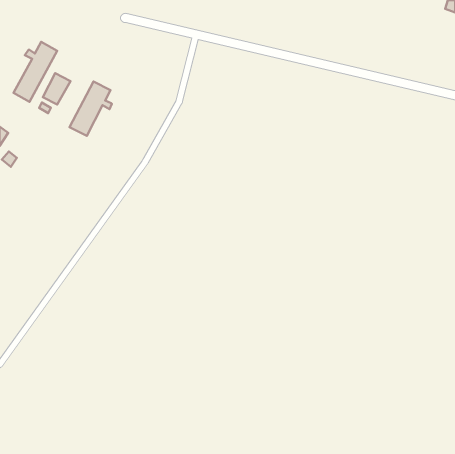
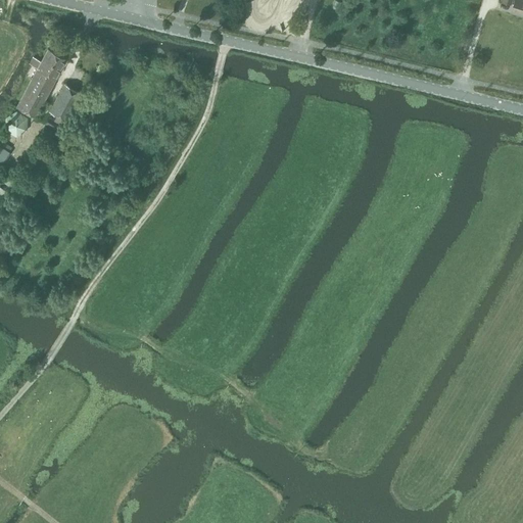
building: [70,81,112,136] -> none

